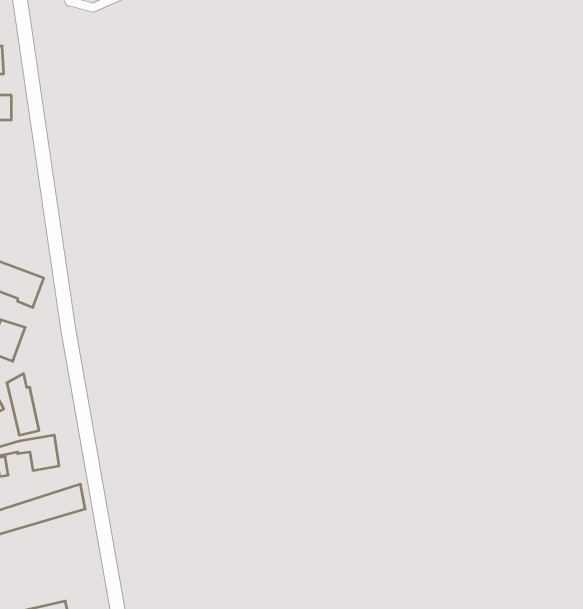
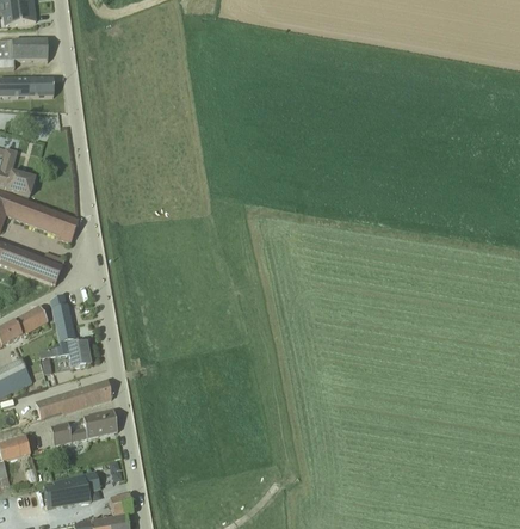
building: none -> [50,410,117,444]

